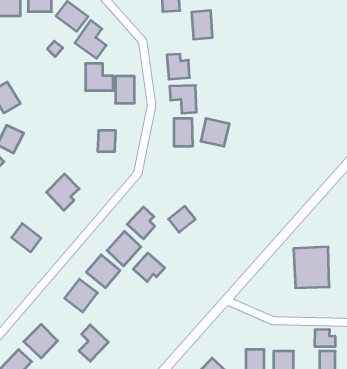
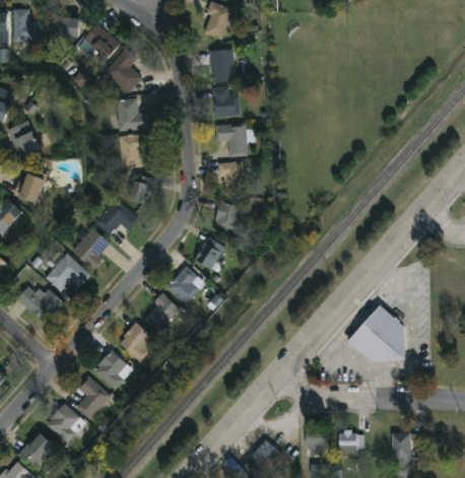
building: [192,10,212,39] -> [209,49,234,82]
building: [115,76,134,103] -> [121,134,143,165]
building: [201,118,229,146] -> [212,201,246,233]
building: none -> [94,197,139,234]
building: none -> [44,253,89,290]
building: [168,206,195,232] -> [193,236,224,267]
building: [133,253,165,282] -> none
building: [79,325,108,361] -> [75,374,110,417]
building: [315,329,335,347] -> none

